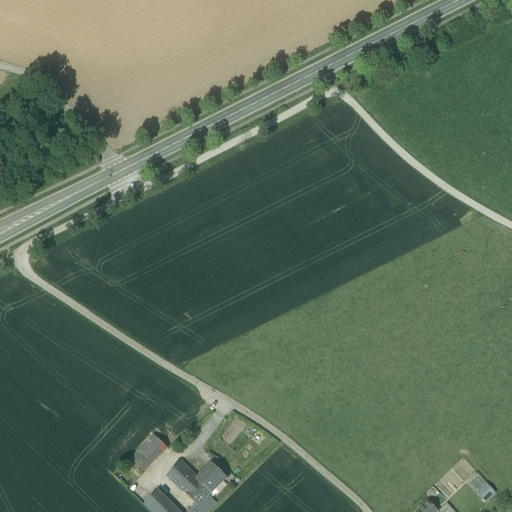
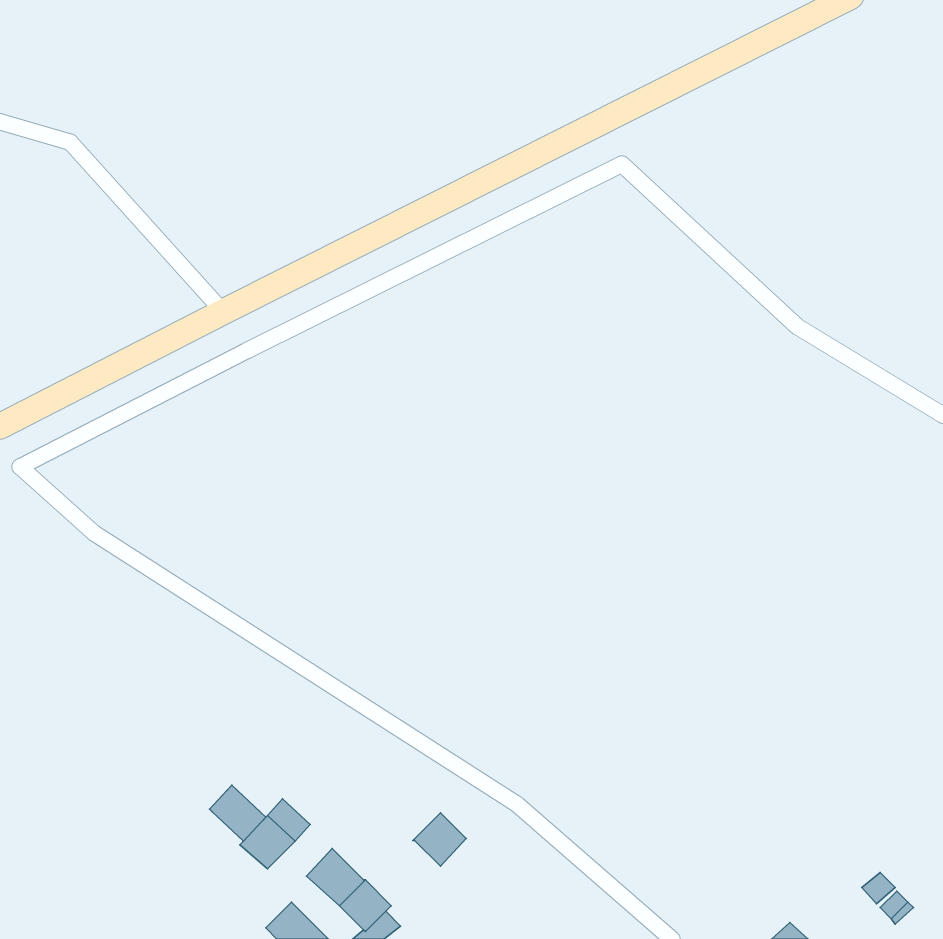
building: none -> [209,785,266,841]
building: [197,462,226,491] -> [413,813,466,866]

